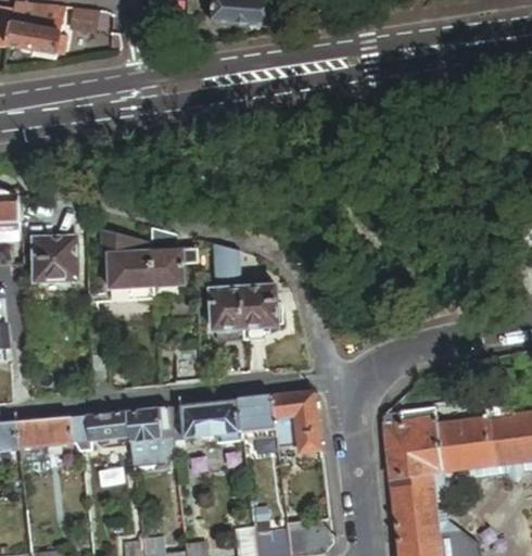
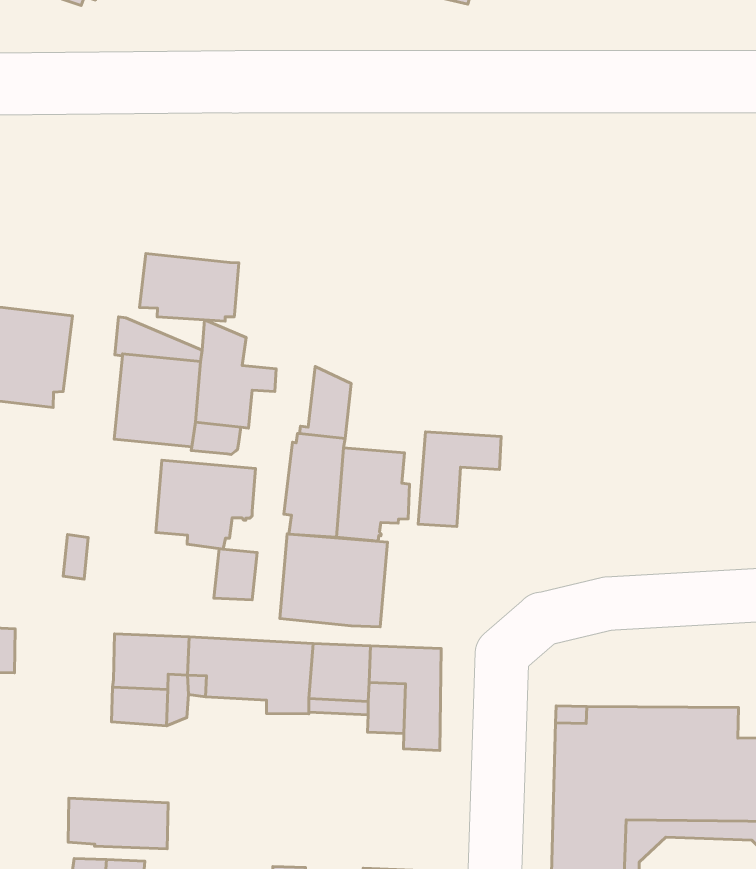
building: none -> [140,254,239,321]
building: none -> [418,432,501,527]
building: none -> [156,460,255,549]
building: none -> [280,534,387,627]
building: [69,410,129,441] -> [68,798,168,849]

